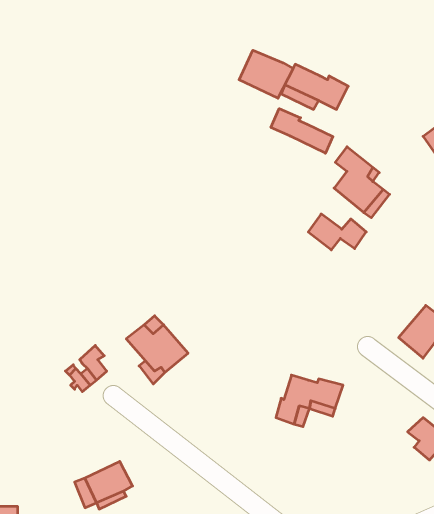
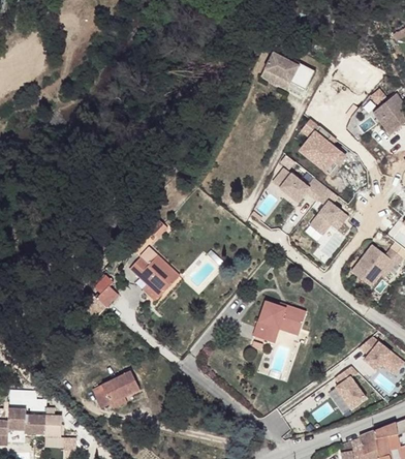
building: [239,50,293,98] -> none
building: [271,109,333,153] -> none
building: none -> [311,187,349,235]
building: none -> [336,366,367,408]

